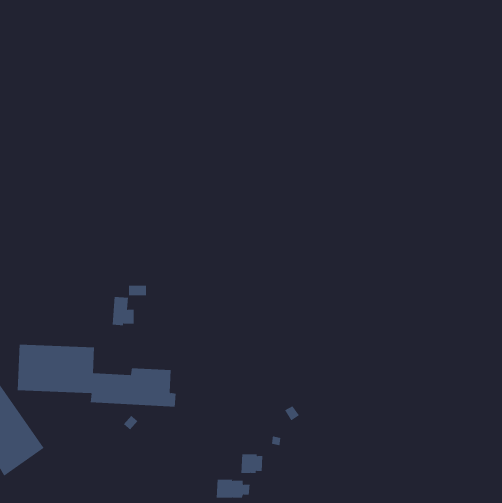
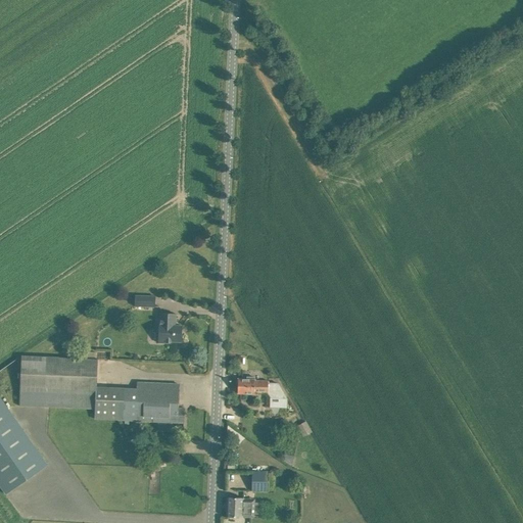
building: [112,296,135,326] -> [156,312,180,342]
building: none -> [236,376,285,397]

